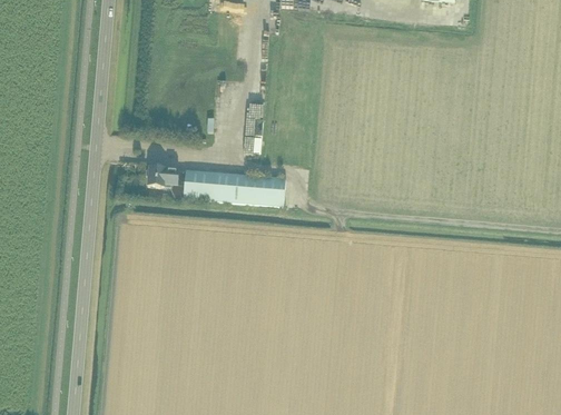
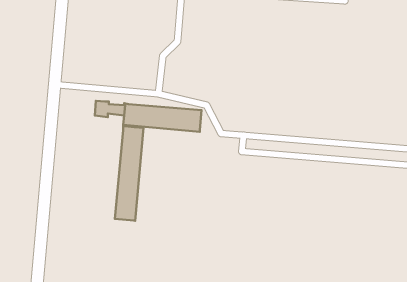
building: none -> [115,125,143,221]

